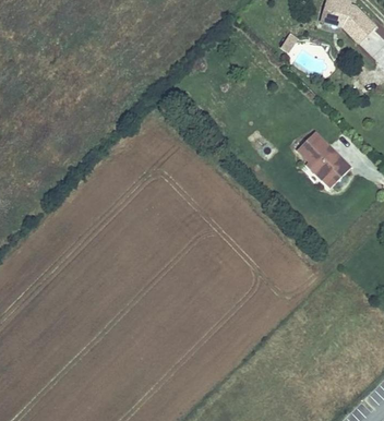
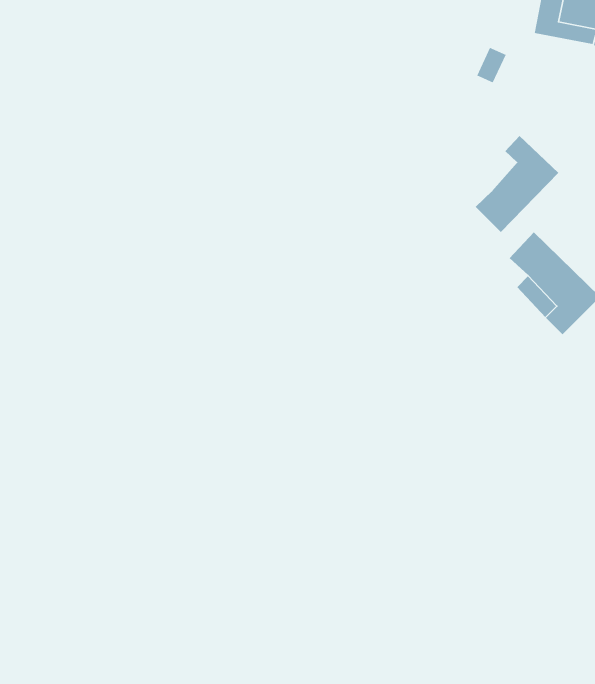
building: none -> [475,135,559,233]

